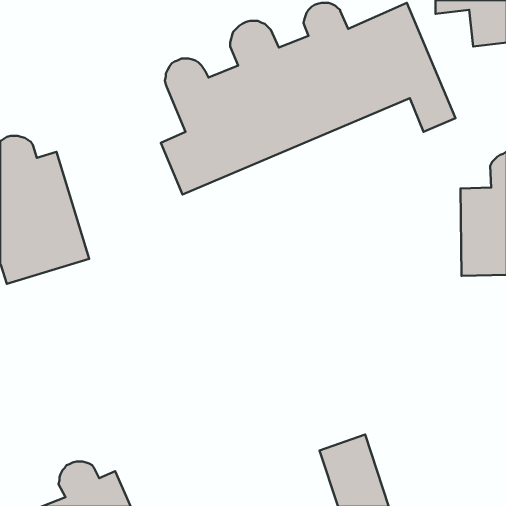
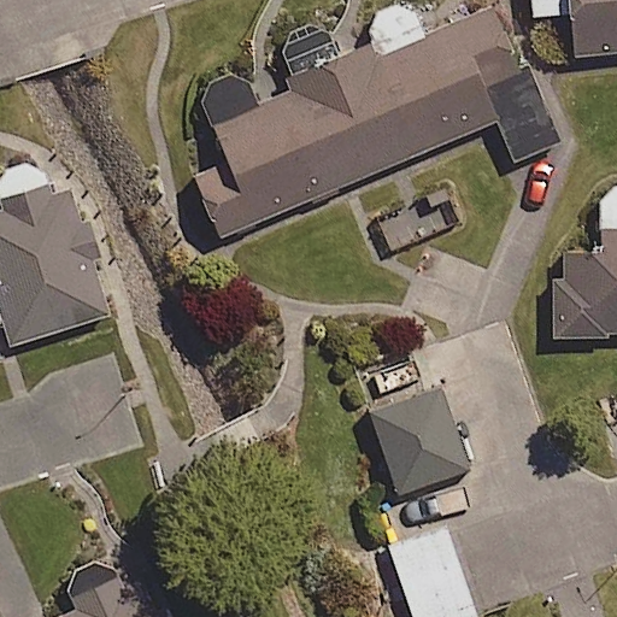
building: none -> [369,387,469,494]

